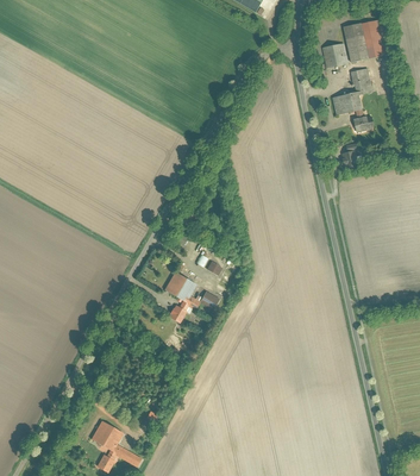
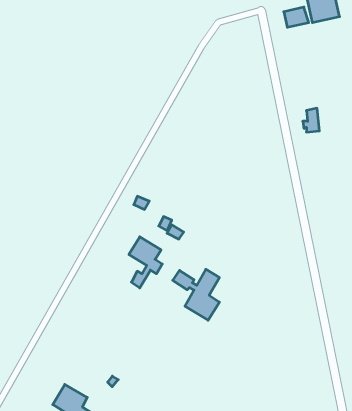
building: [333,71,375,132] -> none
building: none -> [173,269,219,320]

